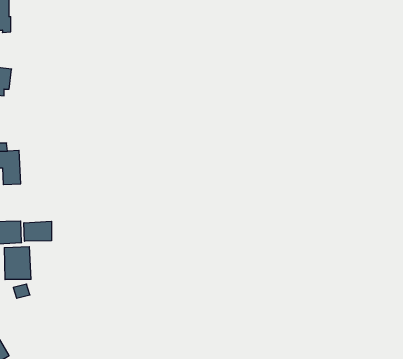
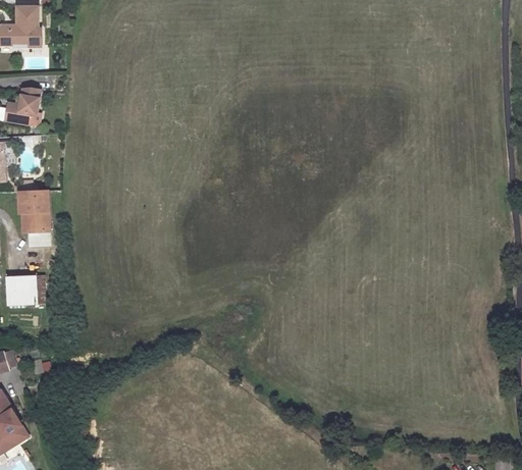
building: [24,221,51,241] -> none
building: [4,247,31,280] -> none

